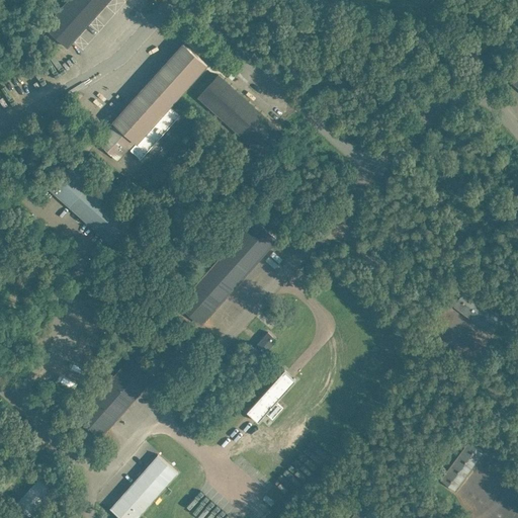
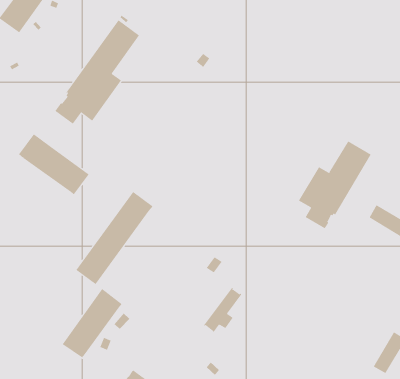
building: [197,76,277,153] -> none
building: none -> [298,141,371,229]
building: [177,221,276,326] -> [75,191,153,285]

